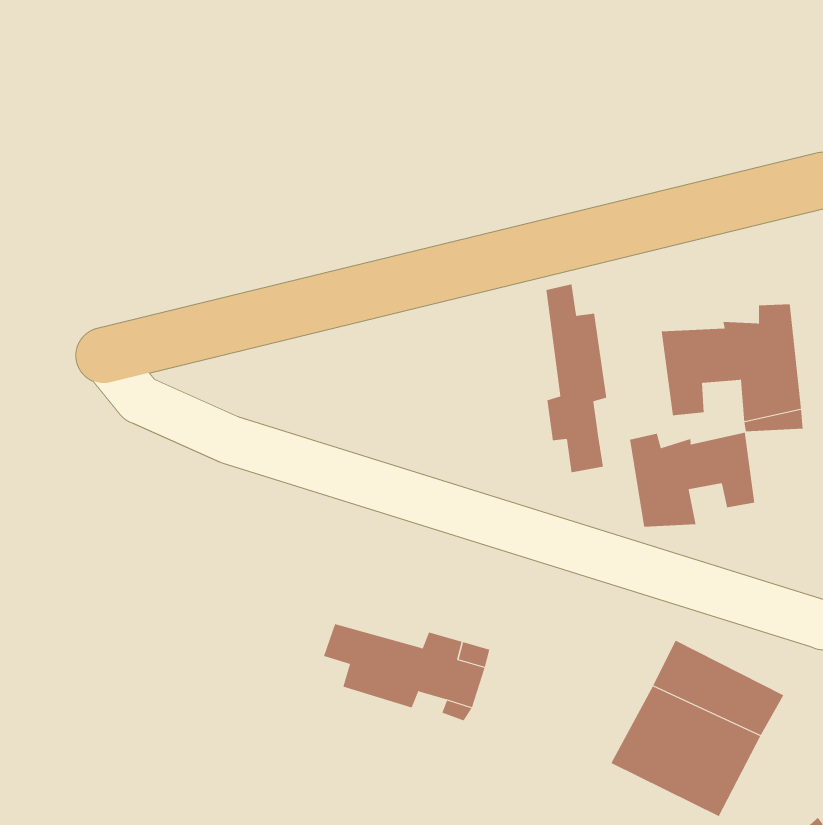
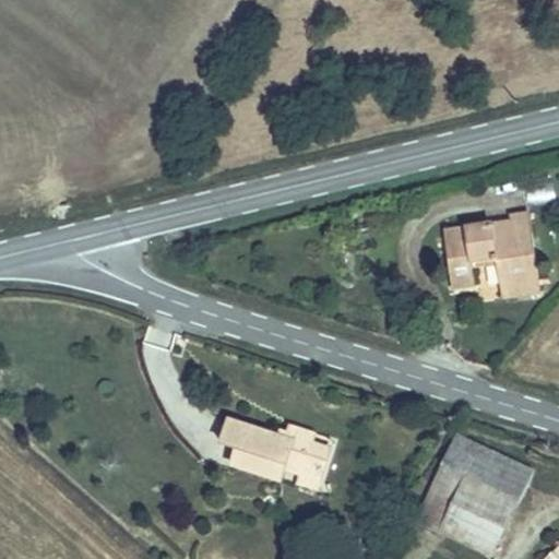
building: [546,284,607,473] -> none
building: [629,432,755,528] -> none

